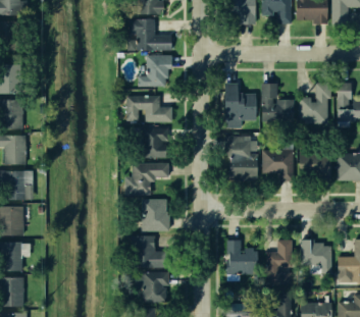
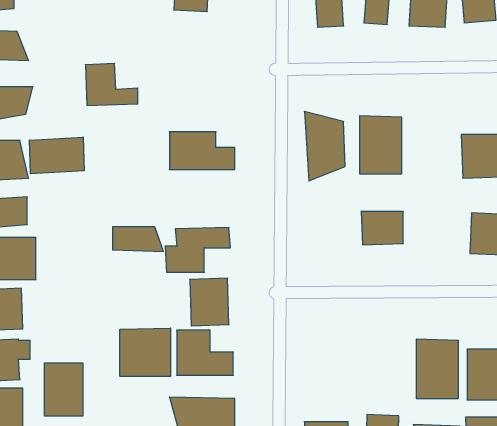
building: [132,18,168,48] -> [85,63,138,105]
building: [149,58,172,81] -> none
building: [299,98,320,129] -> none
building: none -> [29,137,84,174]
building: [136,137,171,154] -> [113,227,163,251]
building: [226,140,256,184] -> none
building: [304,155,330,180] -> none
building: none -> [120,328,170,376]
building: [224,240,259,273] -> none
building: [267,241,294,285] -> none
building: none -> [45,363,83,416]

